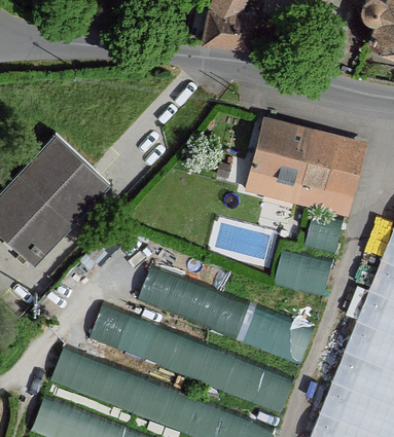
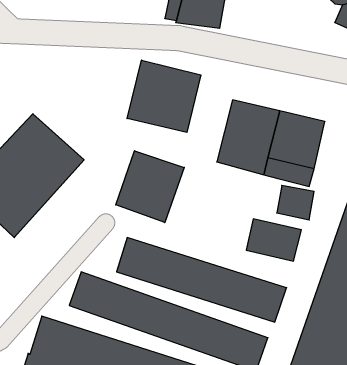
building: none -> [127,60,201,132]
building: none -> [116,151,184,223]

